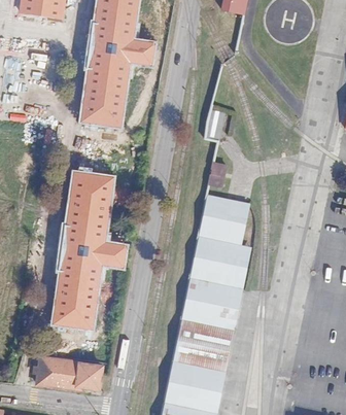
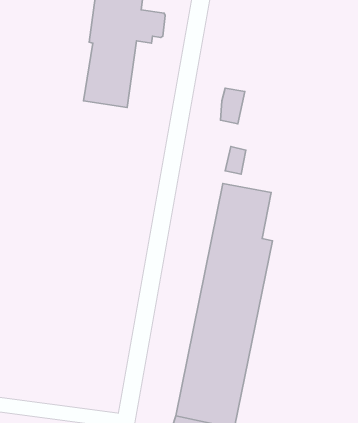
building: [54,172,127,328] -> none
building: [37,356,103,389] -> none

